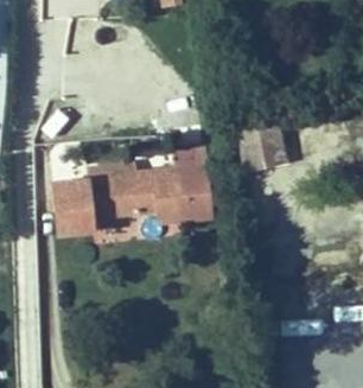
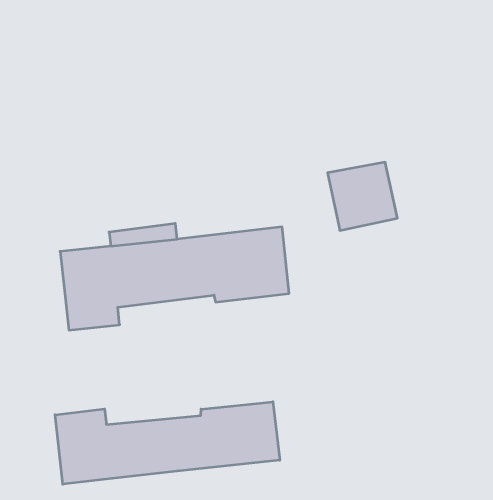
building: none -> [55,402,280,484]

